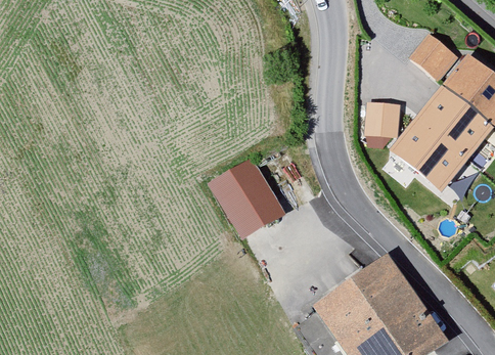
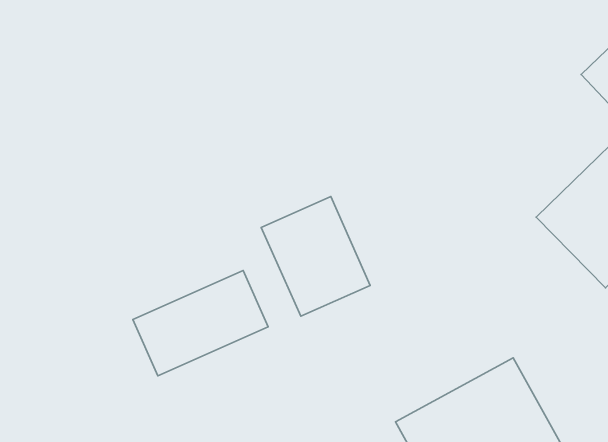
building: [363,101,400,137] -> none
building: none -> [133,271,268,376]

